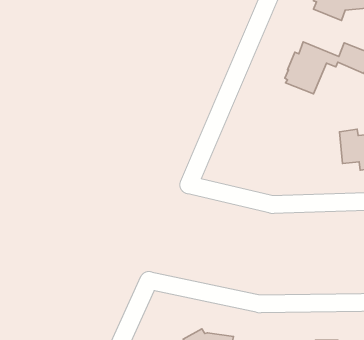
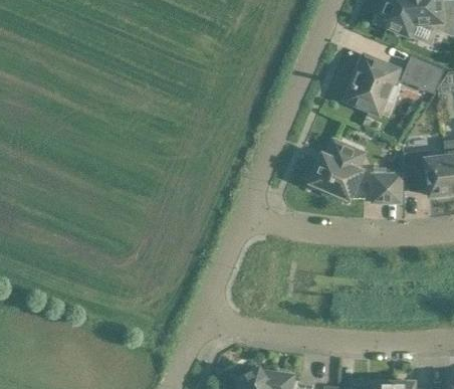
building: none -> [310,141,364,198]
building: none -> [374,175,400,199]

